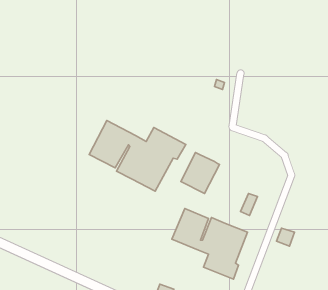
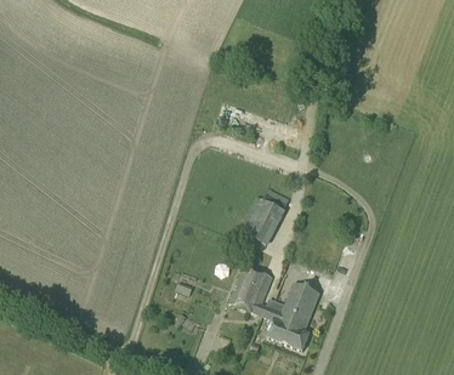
building: [89,120,186,191] -> none

